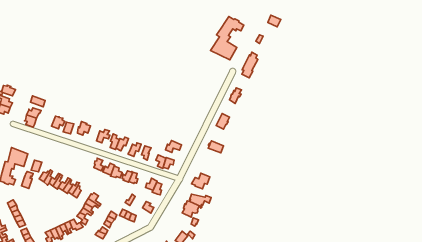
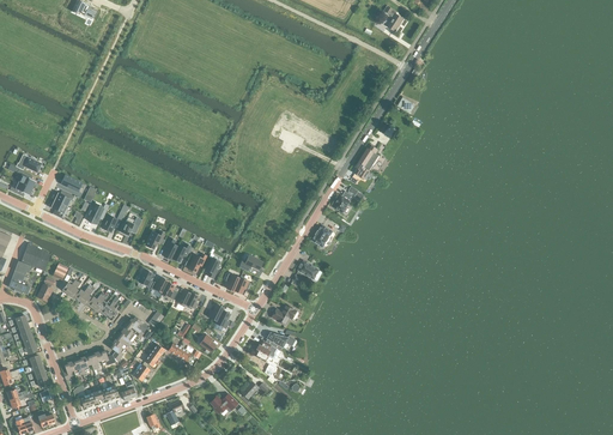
building: [211,16,244,60] -> none

